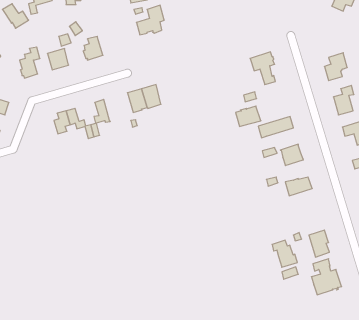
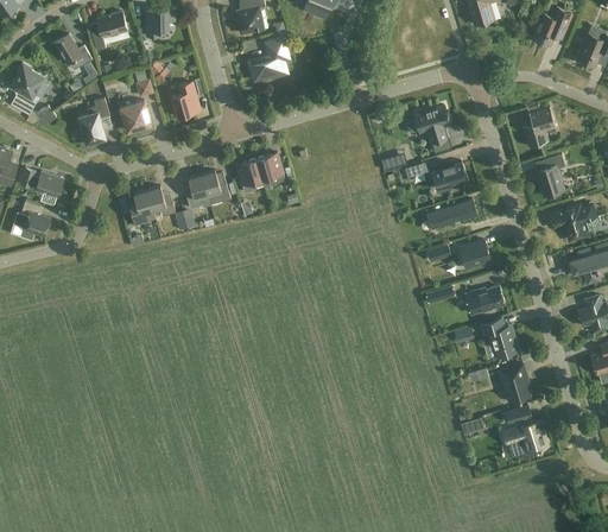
building: none -> [201,170,229,204]
building: [236,106,261,126] -> [430,160,467,190]
building: [272,240,297,267] -> [481,318,518,357]

